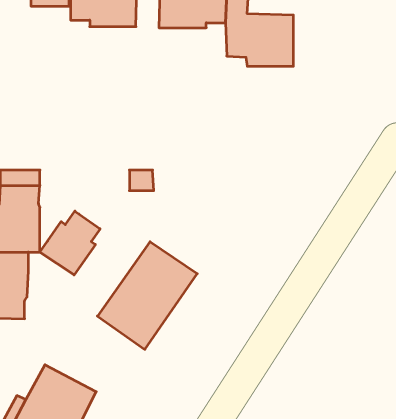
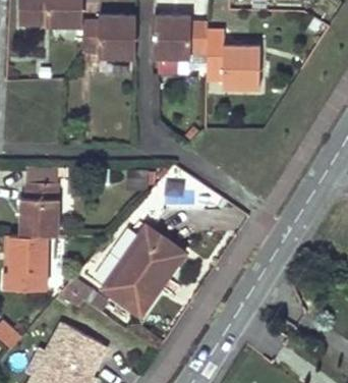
building: [40,211,100,275] -> none

